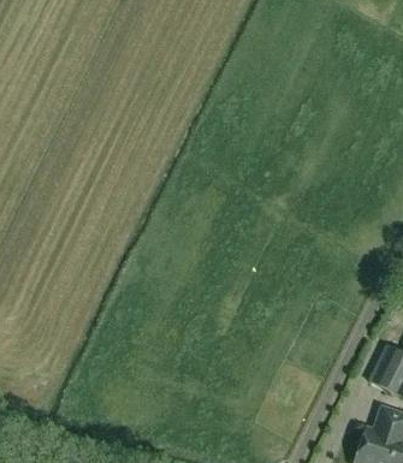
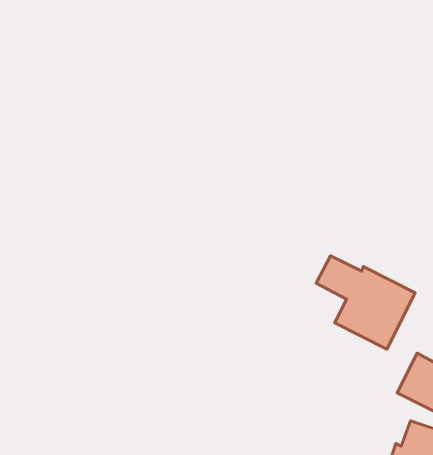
building: none -> [316,256,415,349]

